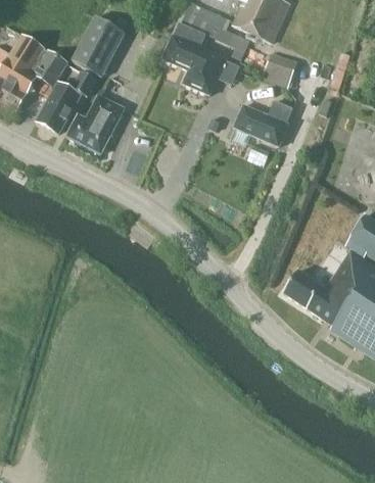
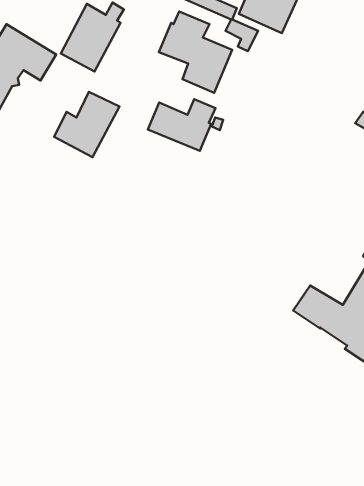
building: [261,51,297,88] -> none
building: [38,67,92,130] -> none
building: [232,100,293,147] -> [148,99,216,151]

